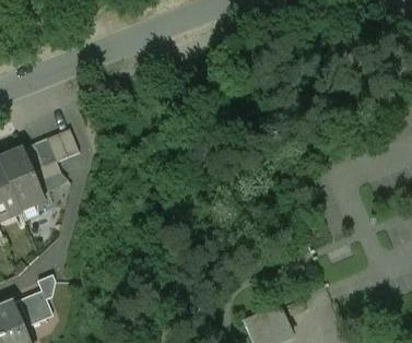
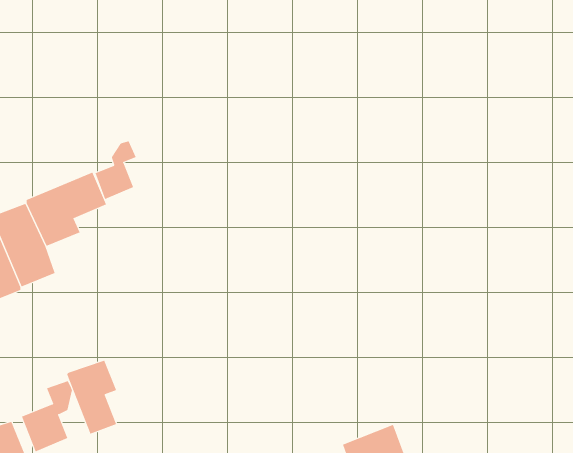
building: none -> [95,140,136,200]
building: none -> [66,360,117,435]

